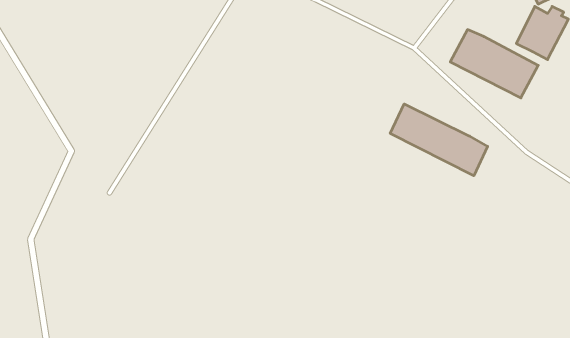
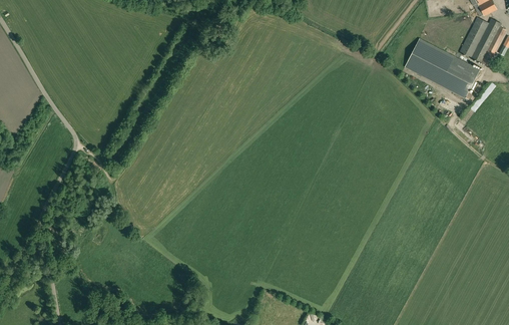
building: [390,104,488,176] -> none

